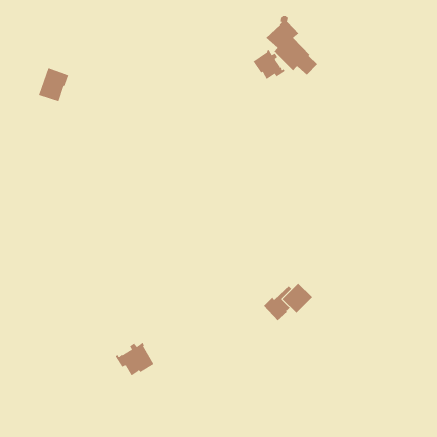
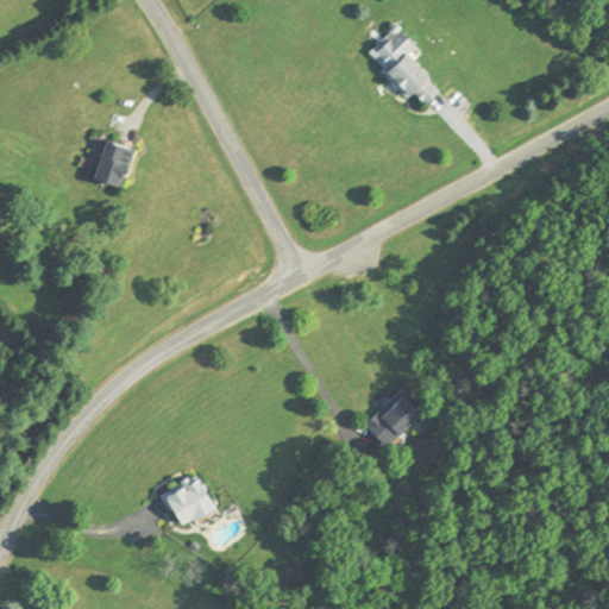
building: [253,49,285,80] -> none
building: [38,68,69,102] -> [92,140,134,188]

